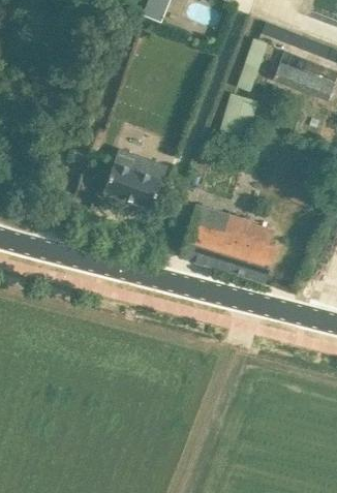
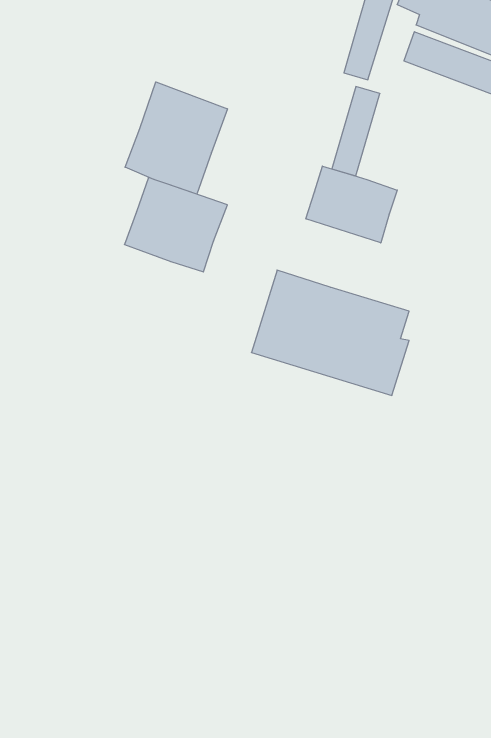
building: none -> [125,82,227,194]
building: none -> [306,166,397,243]

